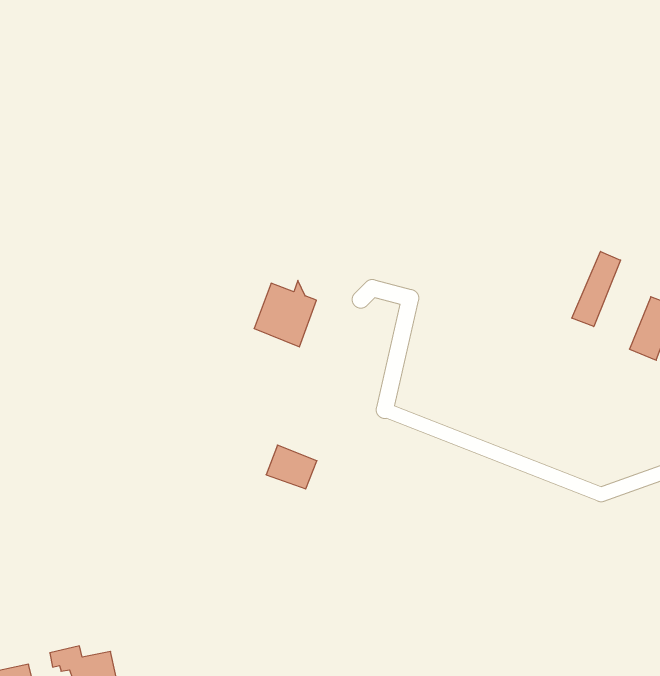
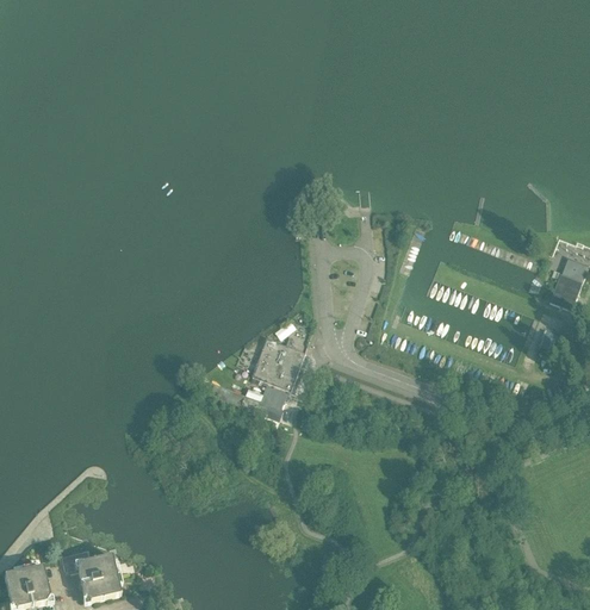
building: [572,251,621,327] -> none
building: [254,280,316,347] -> [254,335,306,391]

